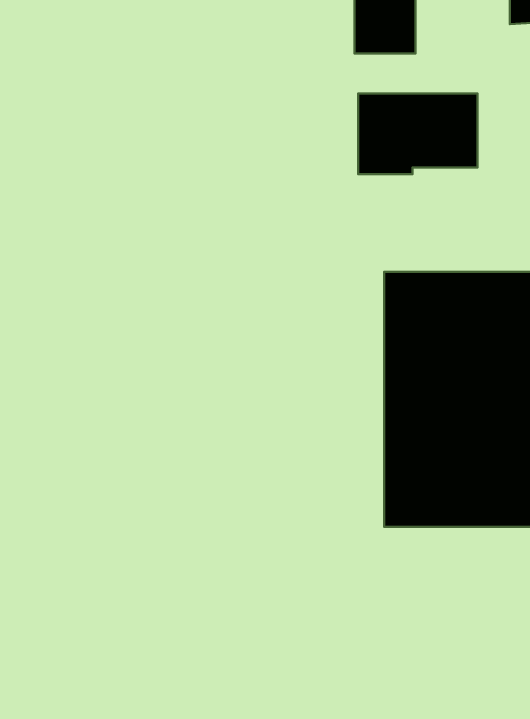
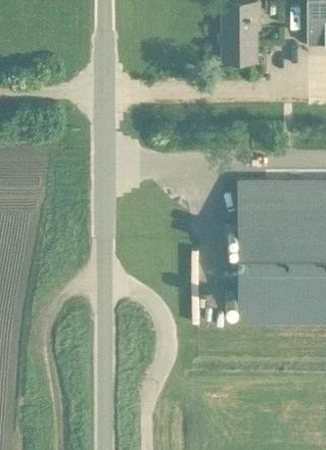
building: [358,93,477,174] -> none

